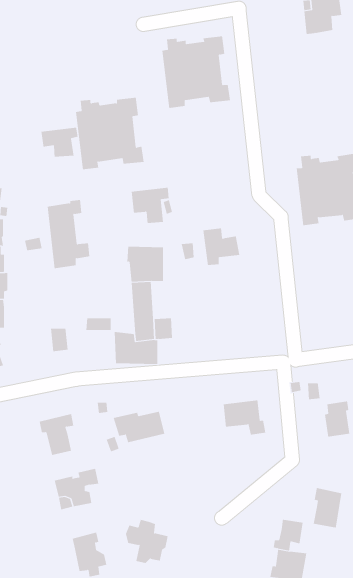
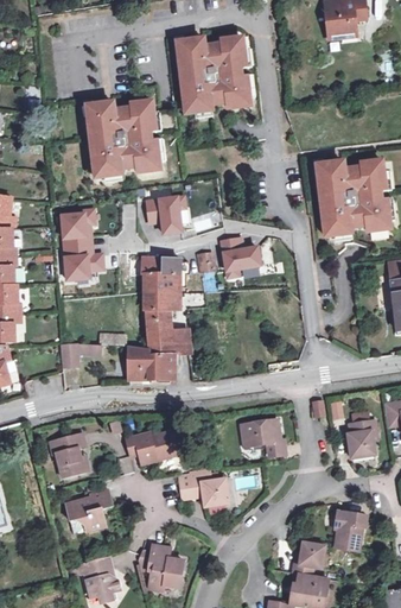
building: [41,127,78,158] -> none
building: none -> [179,468,229,505]

